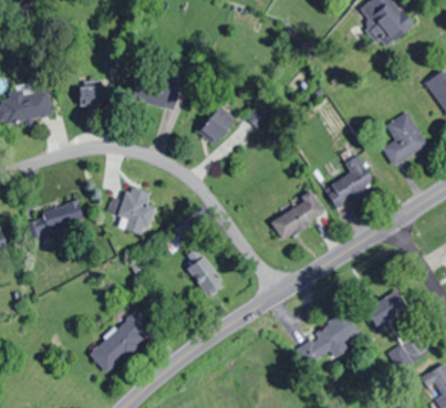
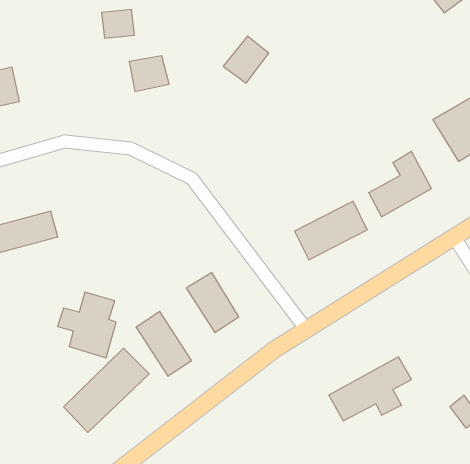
building: [79,85,104,107] -> [102,10,134,38]
building: [199,106,235,143] -> [223,36,269,83]
building: [108,186,154,237] -> [58,292,116,358]
building: none -> [136,311,191,376]
building: [367,296,400,328] -> none

